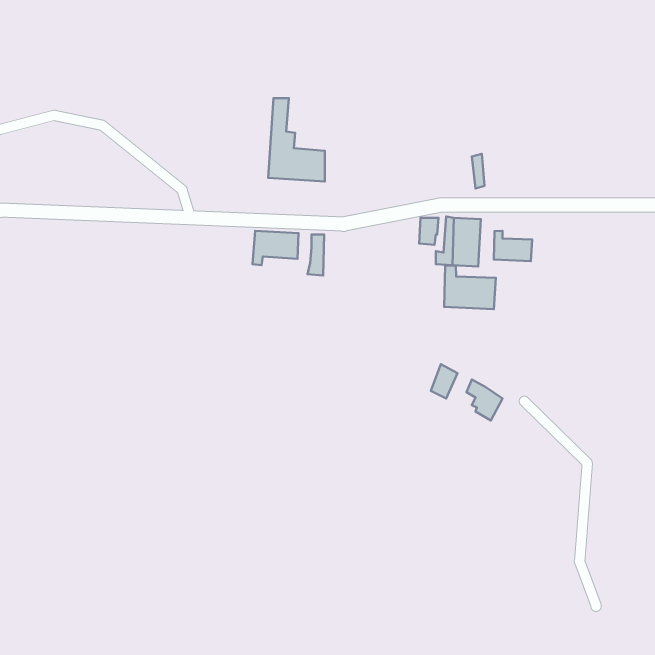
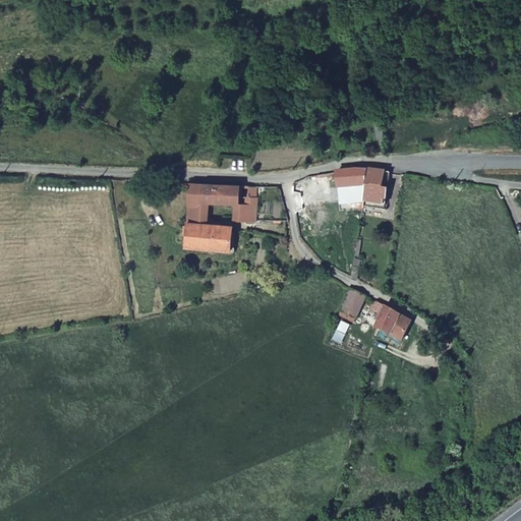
building: [268,98,325,182] -> [186,183,231,249]
building: [494,231,532,261] -> none
building: [444,265,496,309] -> none

